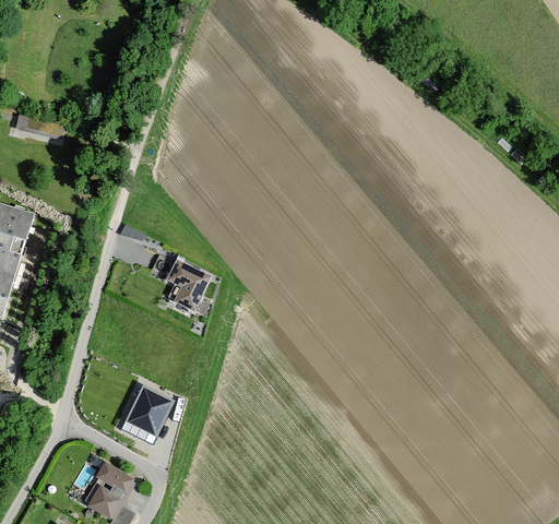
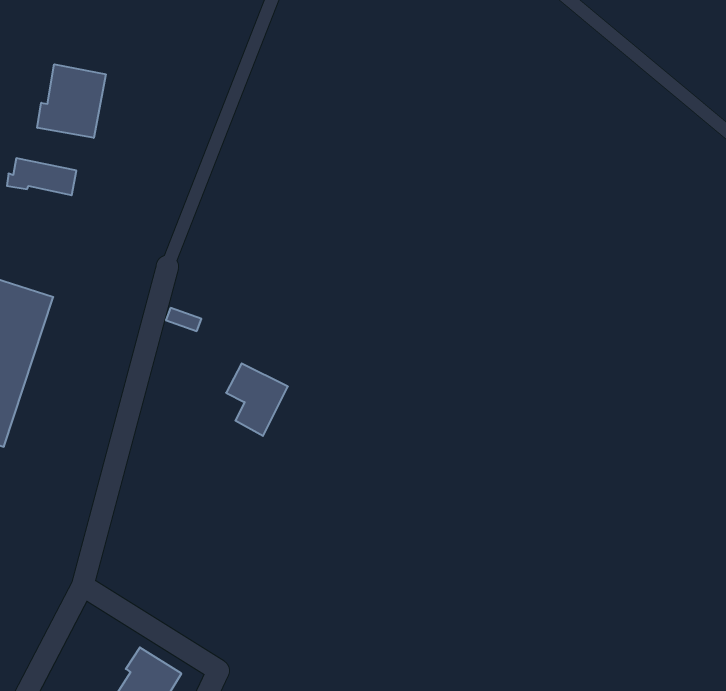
building: none -> [37,64,106,138]
building: [121,381,176,441] -> none

